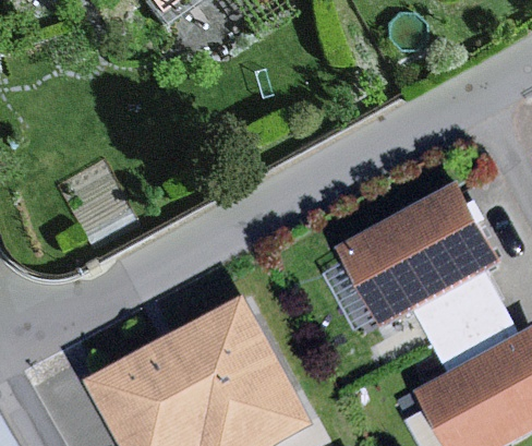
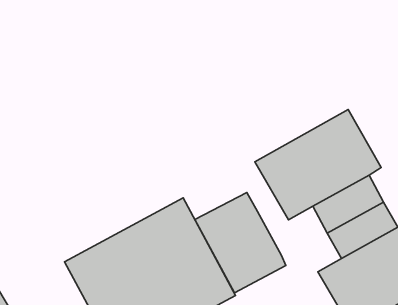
building: none -> [195,192,286,293]

